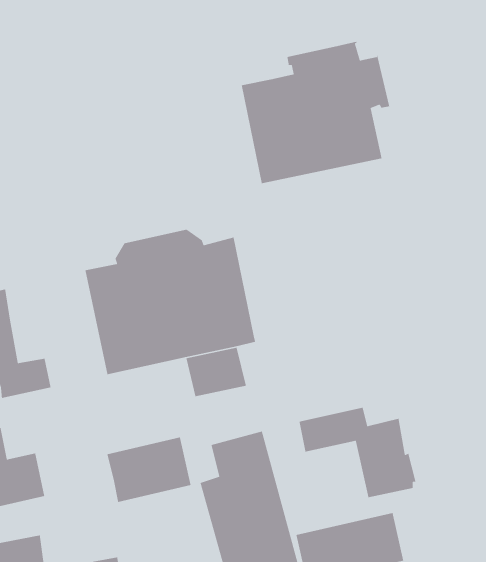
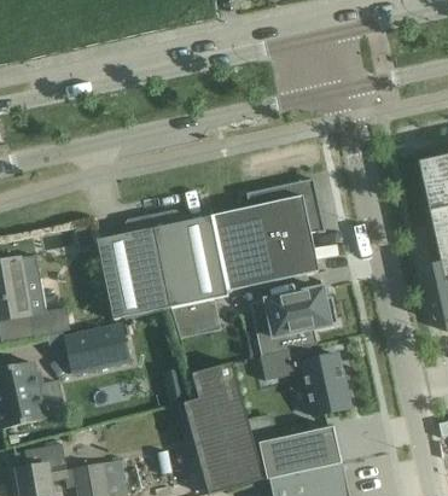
building: [241,41,390,184] -> [211,180,326,290]
building: none -> [256,286,338,355]
building: [106,437,191,503] -> [64,322,129,373]

